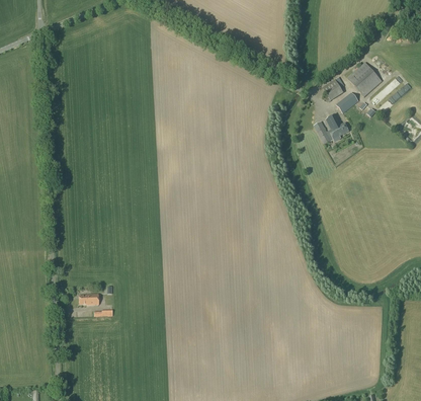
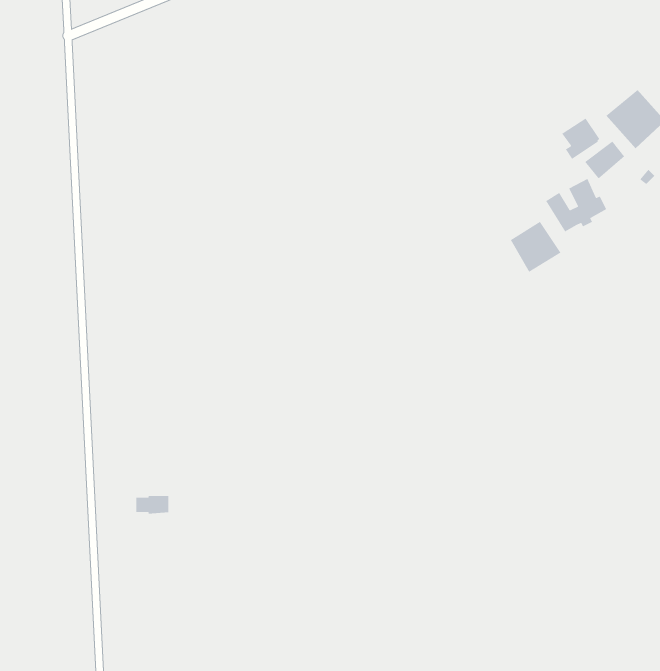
building: none -> [510,221,561,273]

